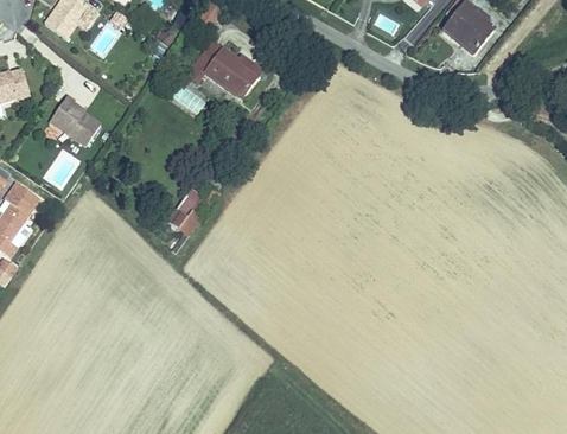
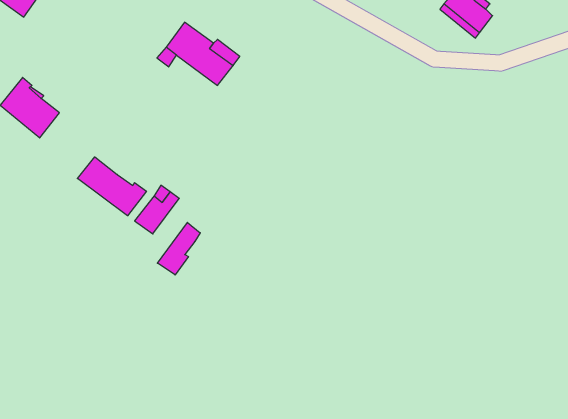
building: none -> [77,157,146,216]
building: none -> [157,222,200,275]

